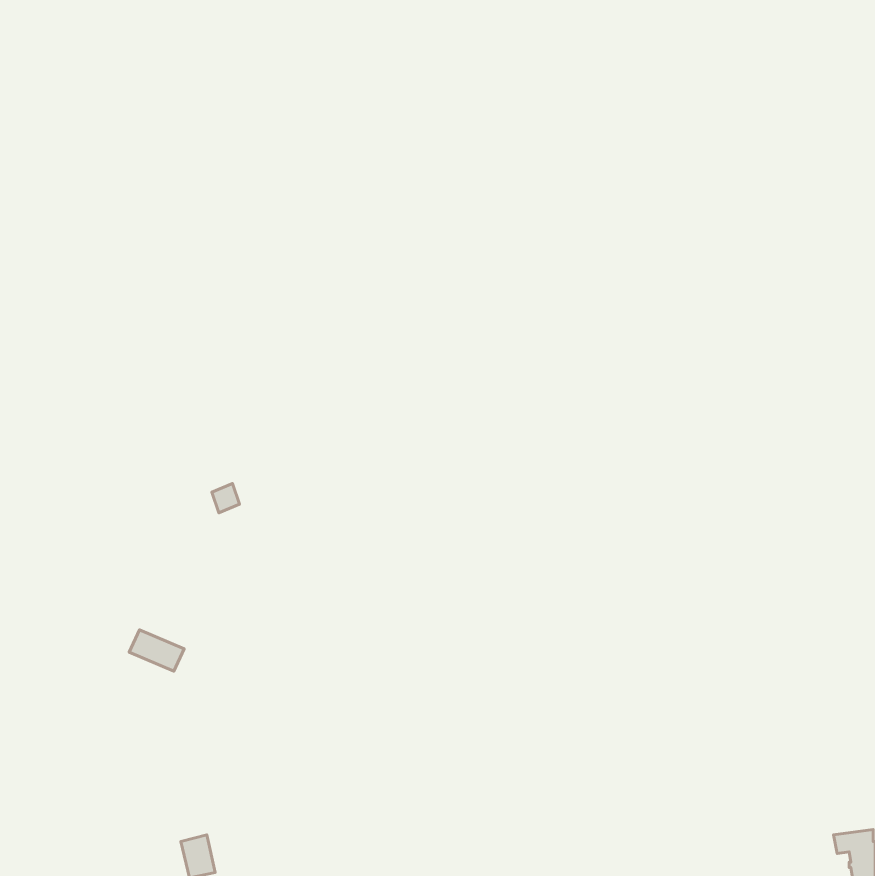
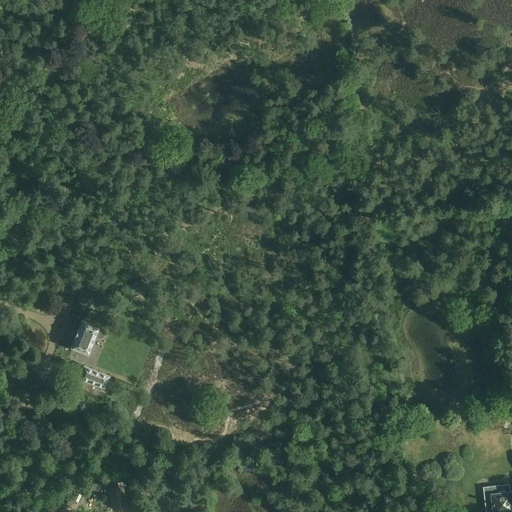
building: none -> [68,322,102,357]

